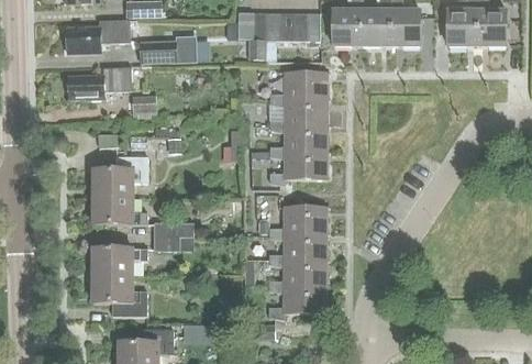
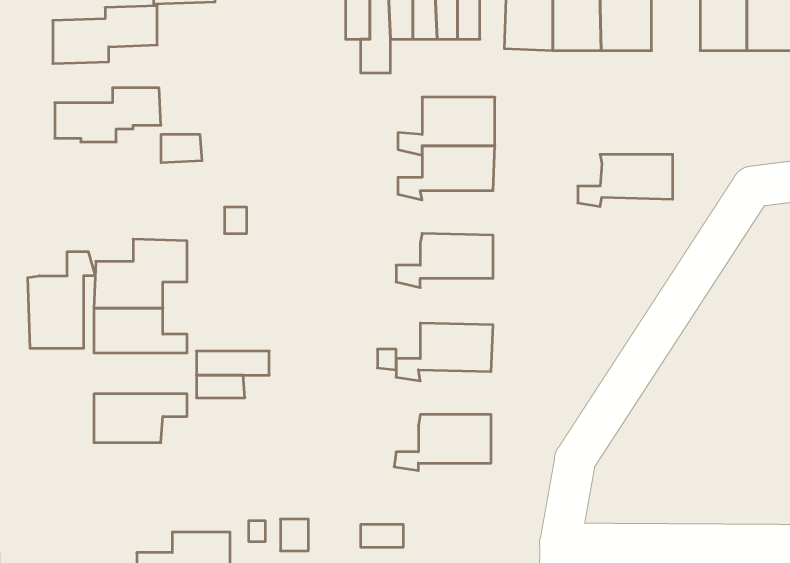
building: [140,34,198,63] -> none
building: [270,128,326,158] -> [578,154,673,207]
building: none -> [28,252,95,348]
building: [269,233,325,266] -> none
building: [91,276,146,316] -> none
building: [269,288,325,318] -> none

